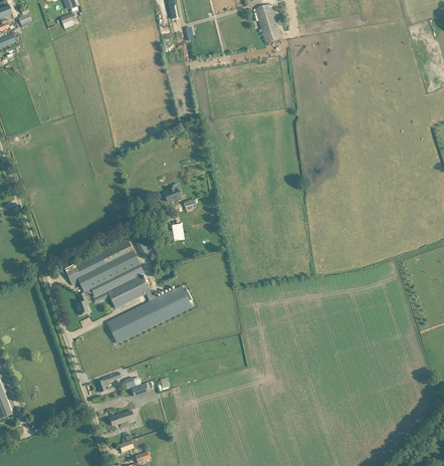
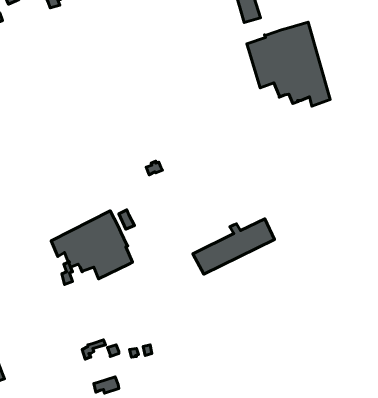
building: none -> [247,22,330,106]
building: [107,285,192,342] -> [193,219,275,274]

